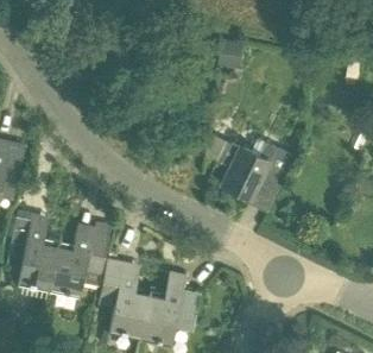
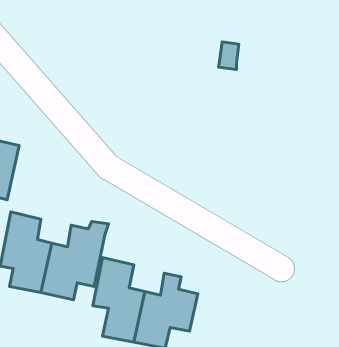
building: [206,131,293,197] -> none

